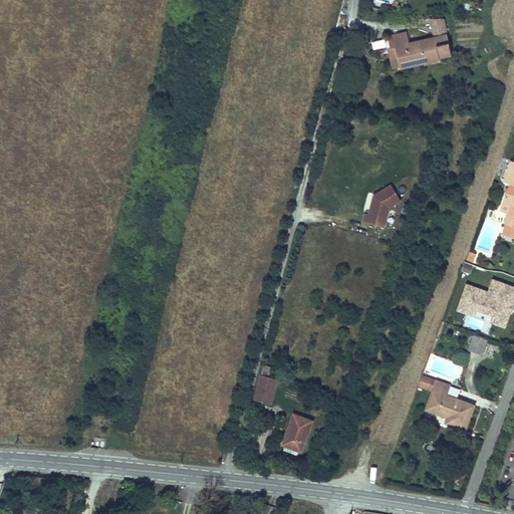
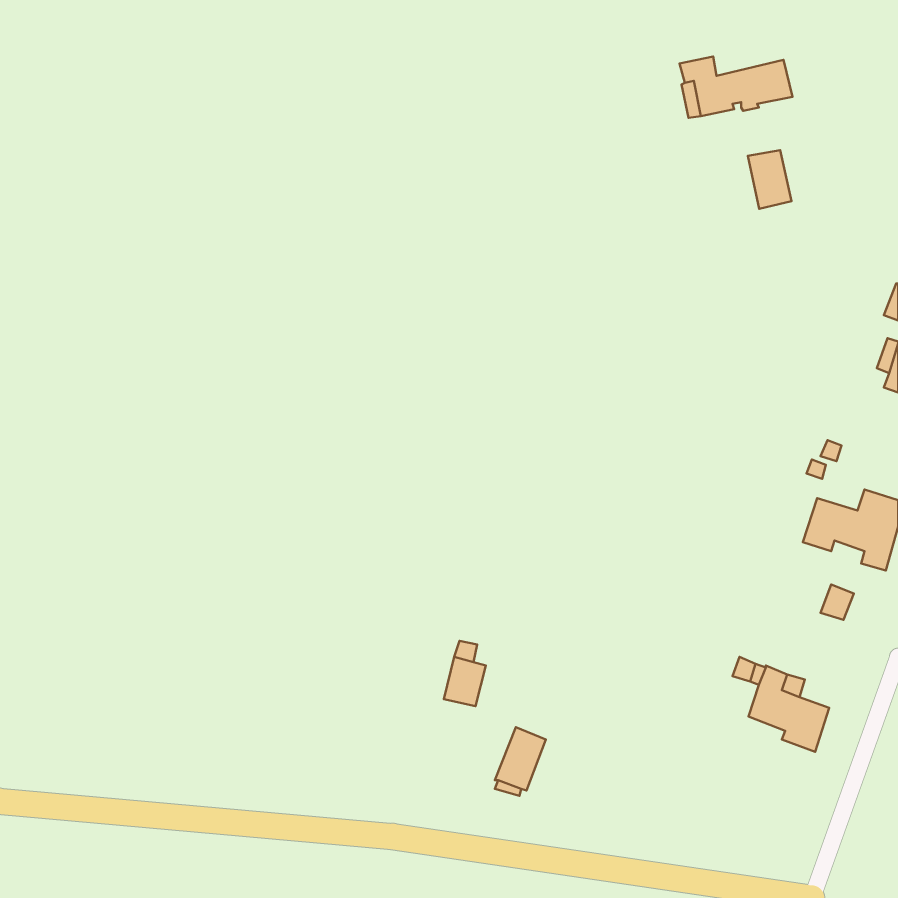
building: none -> [748,150,791,209]
building: [361,186,400,228] -> none

